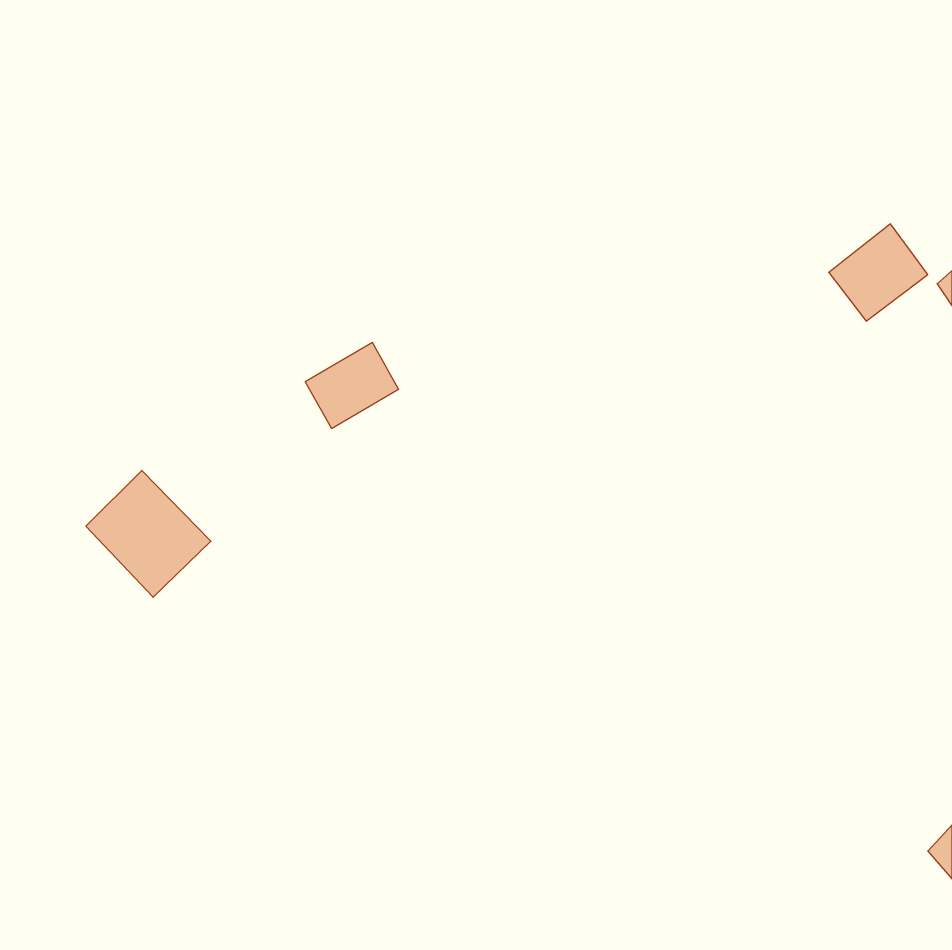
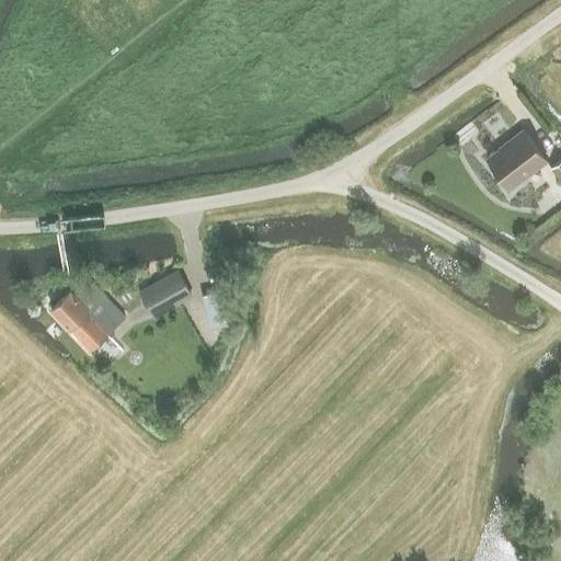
building: [305,343,399,428] -> [137,271,192,321]

